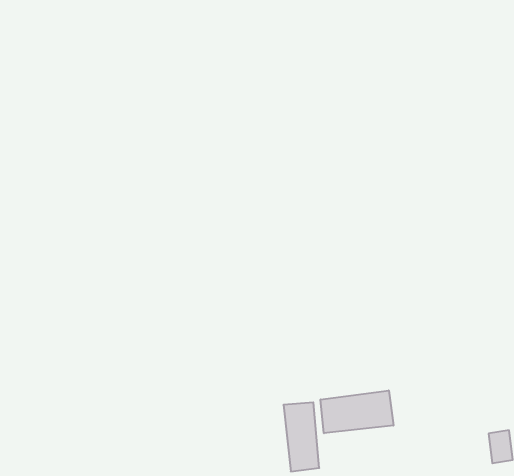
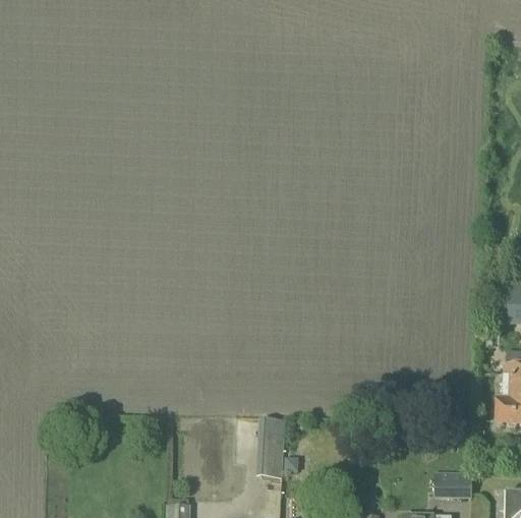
building: [321,390,393,433] -> none

